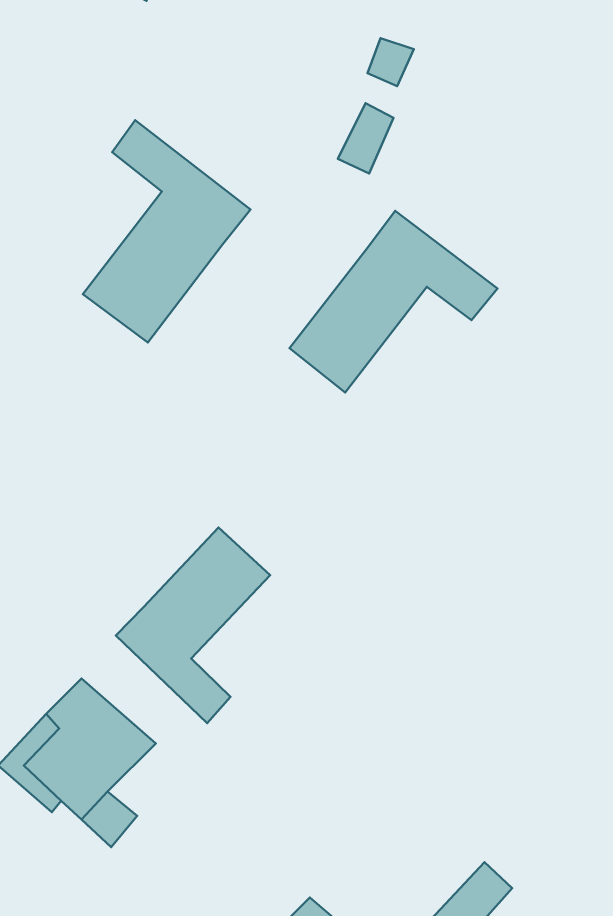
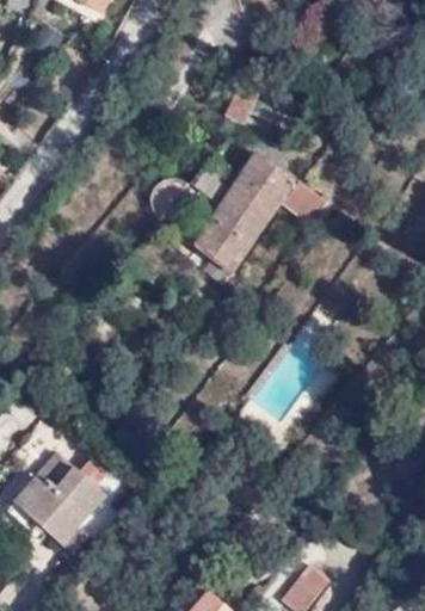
building: [83,120,250,342] -> none
building: [116,528,270,723] -> none

